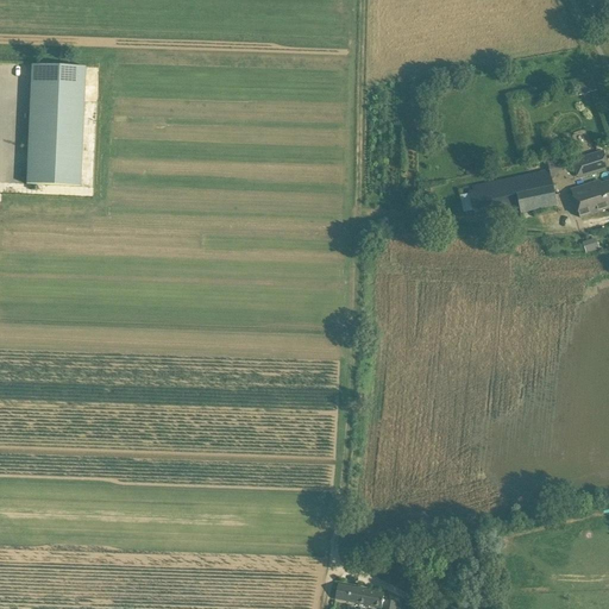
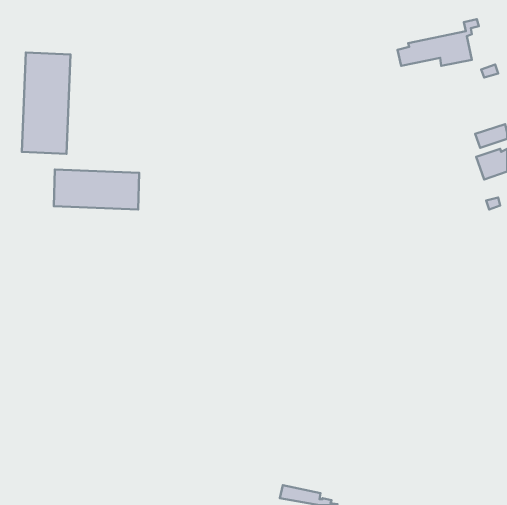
building: [469,155,566,211] -> [397,19,479,66]
building: none -> [54,170,139,209]

